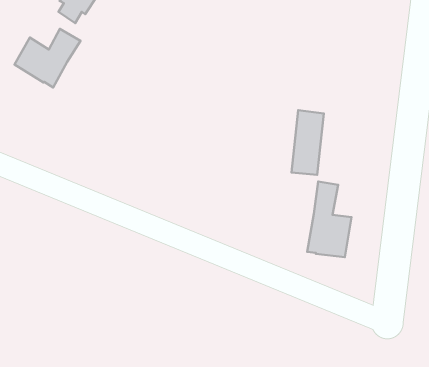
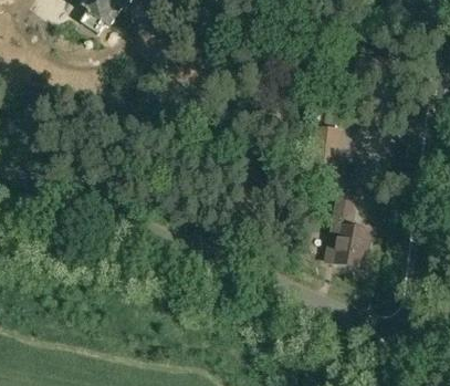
building: [14,29,80,87] -> none

